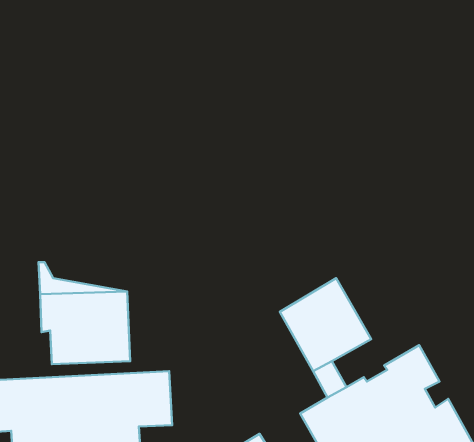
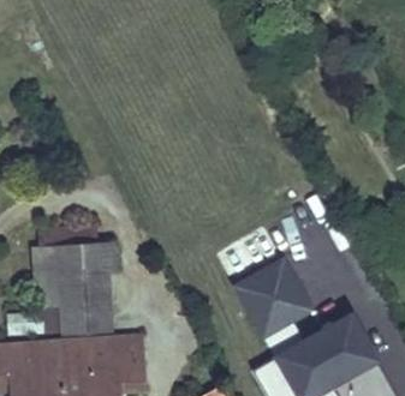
building: none -> [40,244,117,270]

